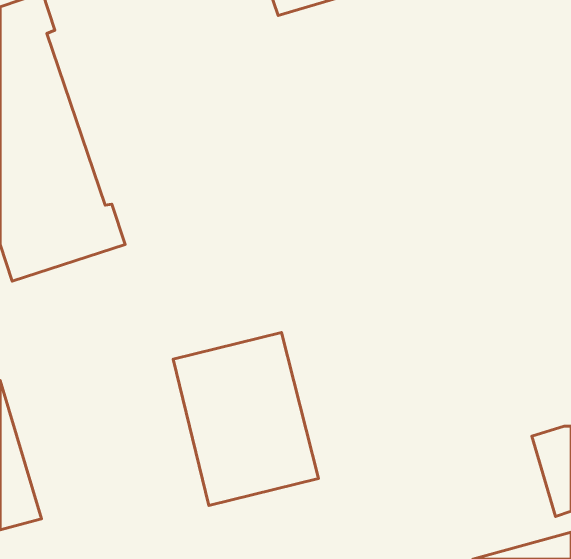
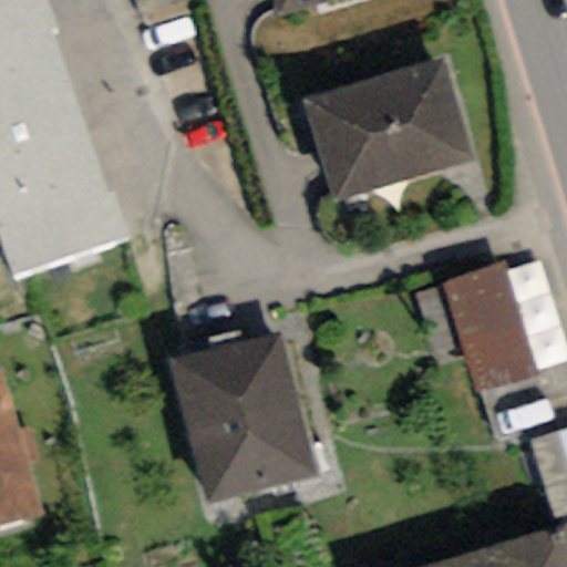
building: none -> [302,55,475,200]
building: none -> [439,259,540,388]

